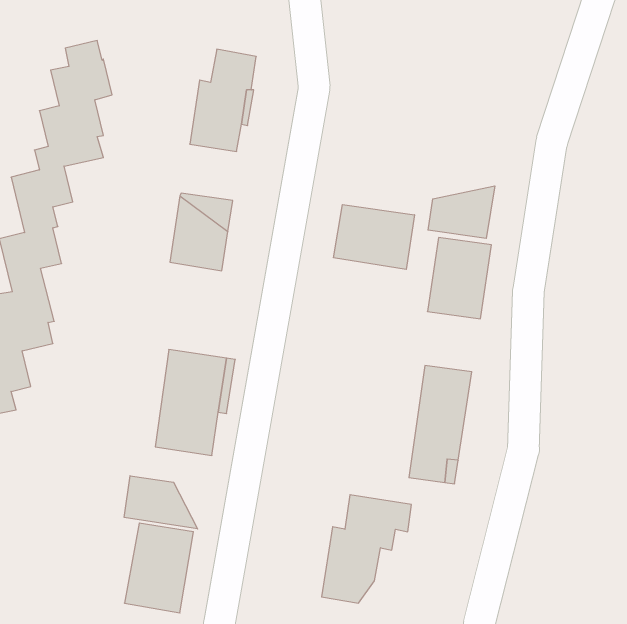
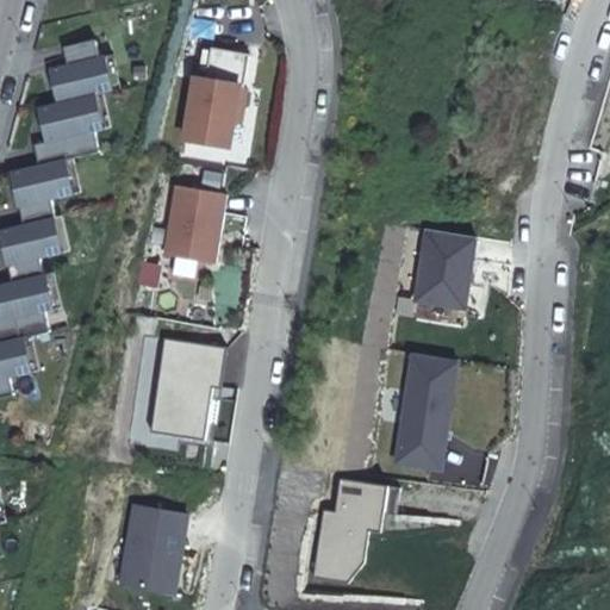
building: [428,186,495,238] -> none
building: [334,205,414,269] -> none
building: [124,476,198,529] -> none

